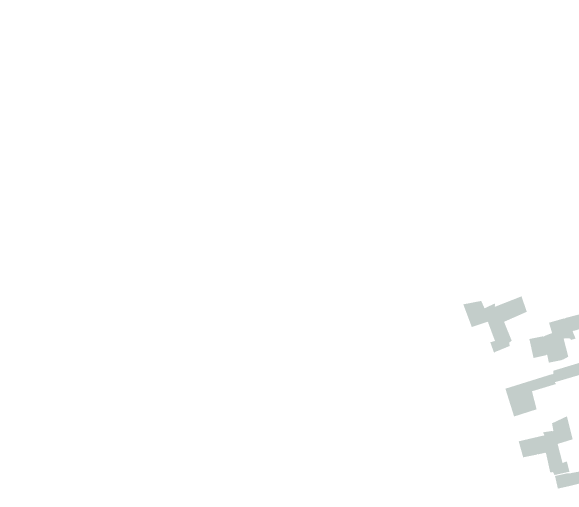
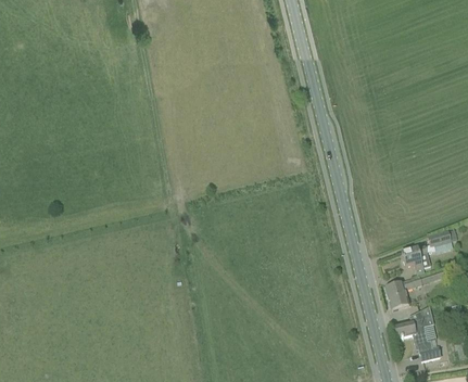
building: [462,296,528,354] -> none

